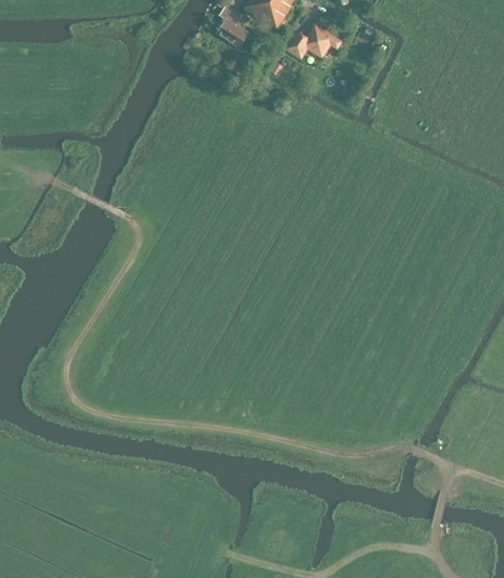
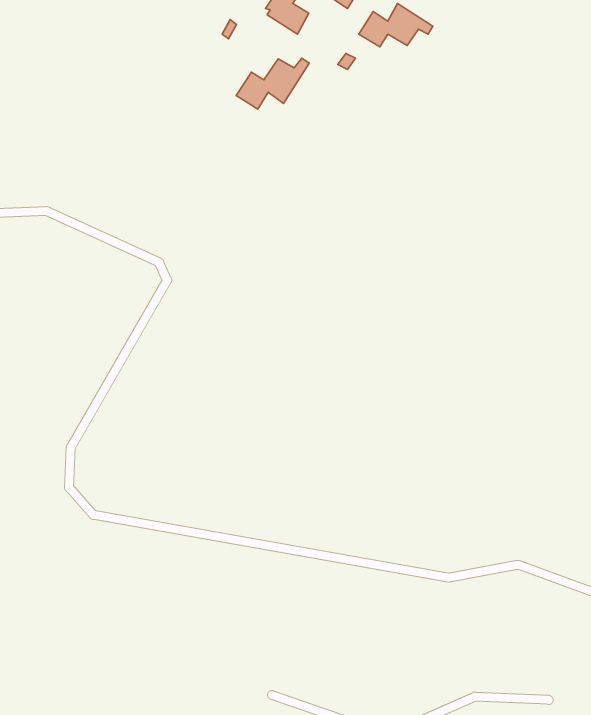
building: none -> [236,58,309,109]

